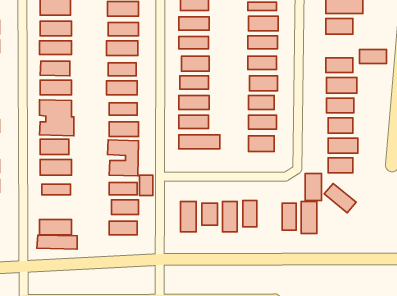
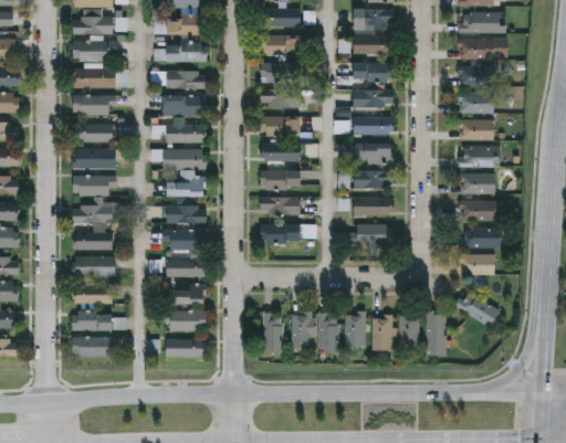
building: [359,50,387,64] -> [458,94,494,113]
building: [305,173,322,201] -> [371,315,394,351]
building: [140,175,153,196] -> none
building: [37,235,77,249] -> [71,313,125,331]

